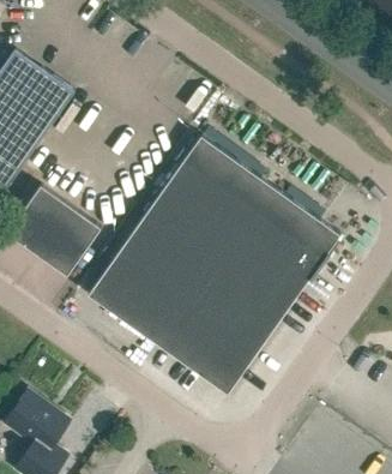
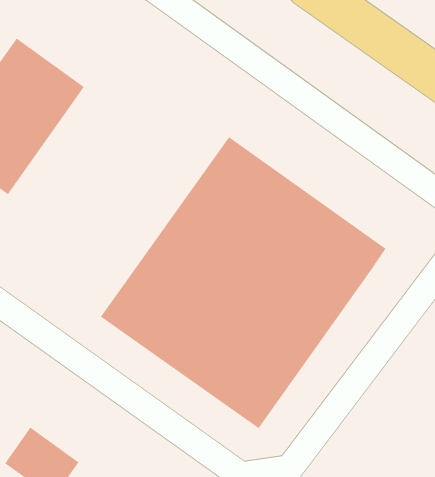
building: [7,185,102,276] -> none

